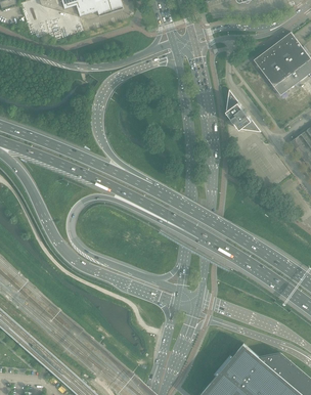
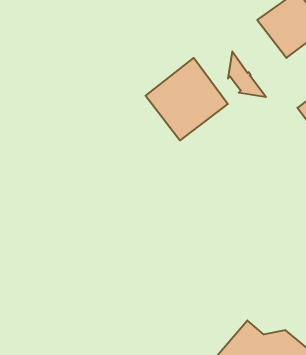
building: none -> [146,58,228,140]

